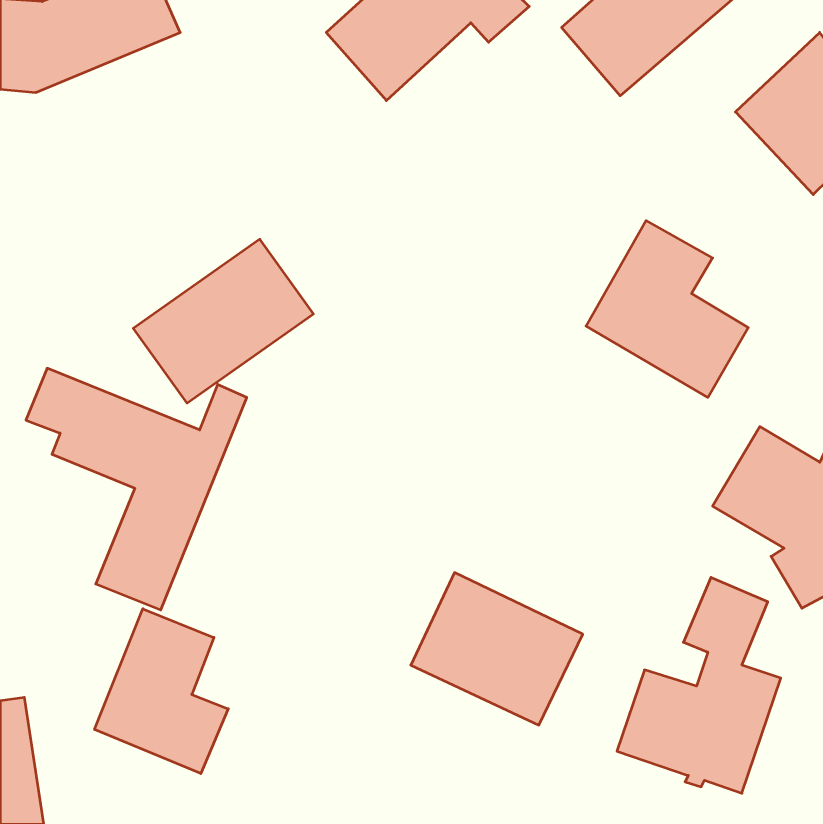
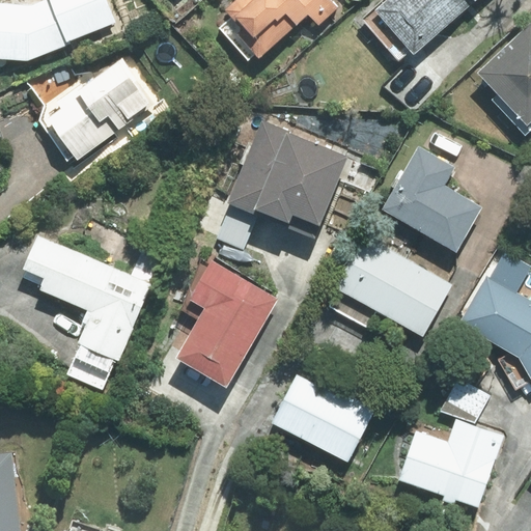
building: none -> [225,118,344,227]
building: [133,239,313,403] -> [39,57,155,162]
building: none -> [328,230,456,338]
building: none -> [172,257,277,388]
building: [95,609,228,774] -> none

